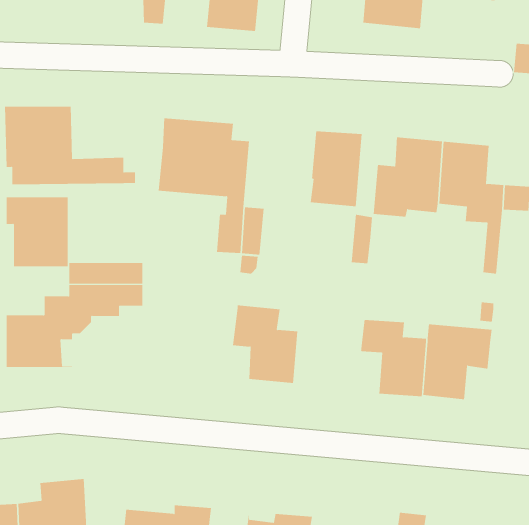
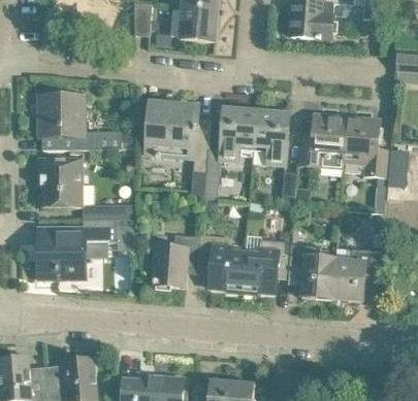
building: none -> [219,108,256,161]
building: none -> [153,234,200,287]
building: none -> [240,239,290,293]

